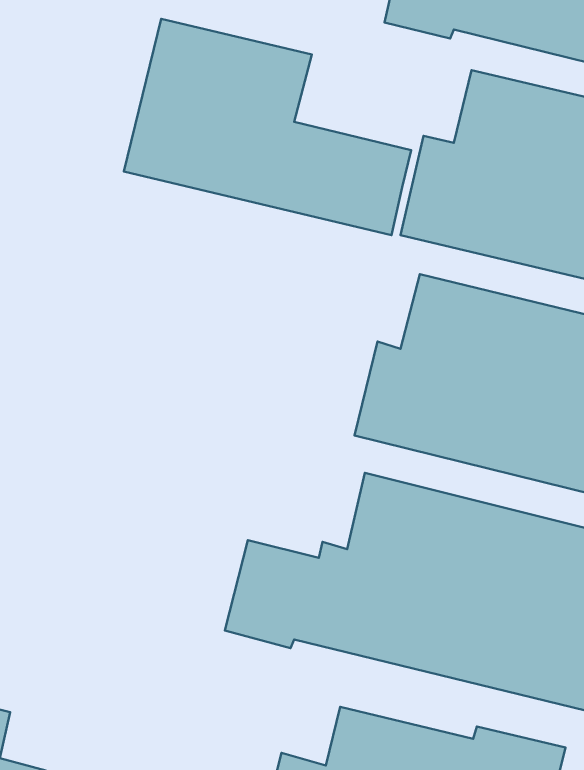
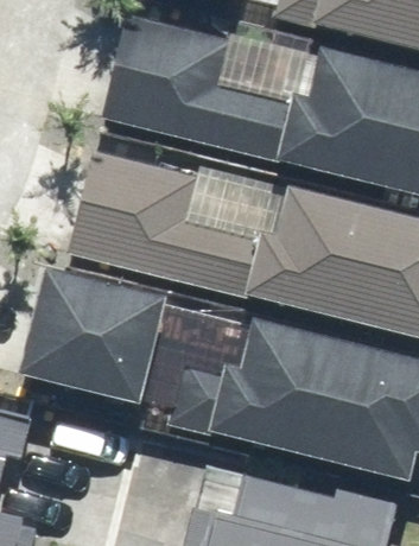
building: none -> [64,154,259,299]
building: none -> [28,267,176,404]

